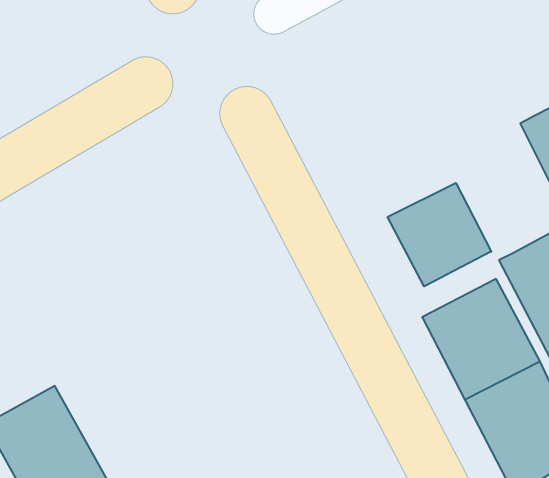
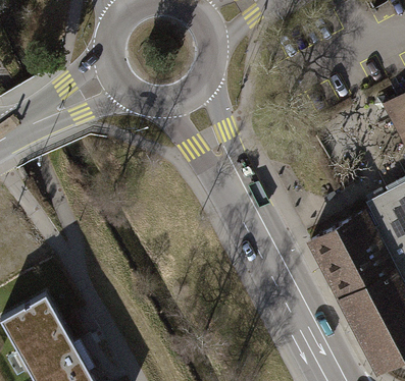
building: [388,183,491,286] -> none

